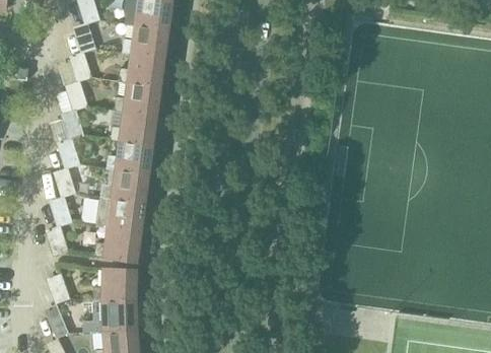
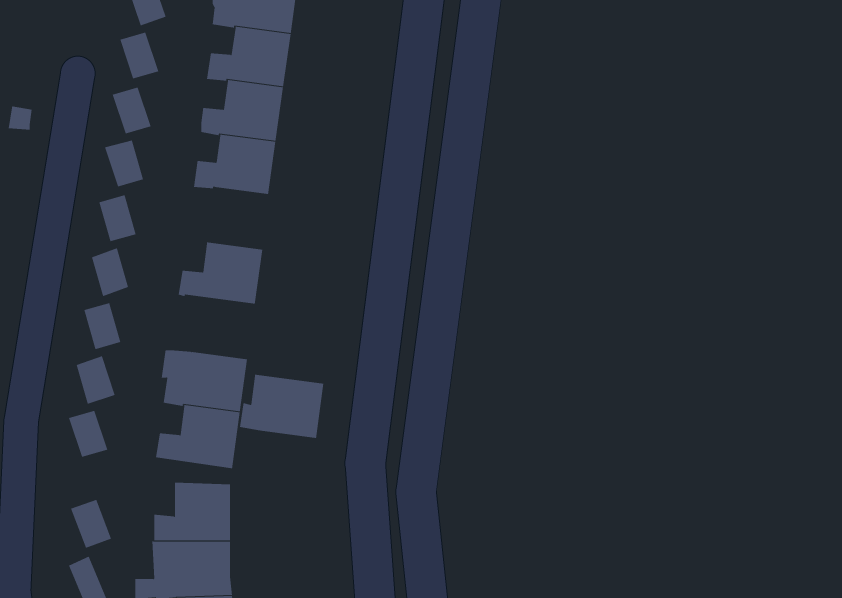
building: [111,111,155,144] -> none
building: [102,168,148,203] -> [239,374,324,439]

